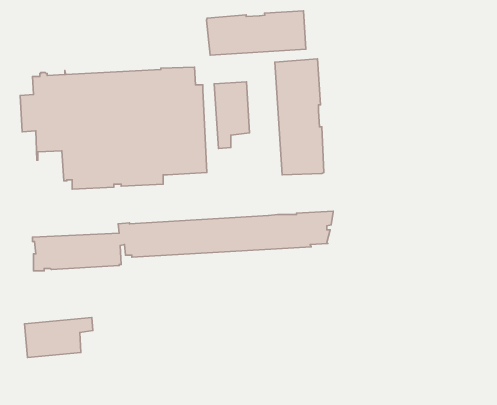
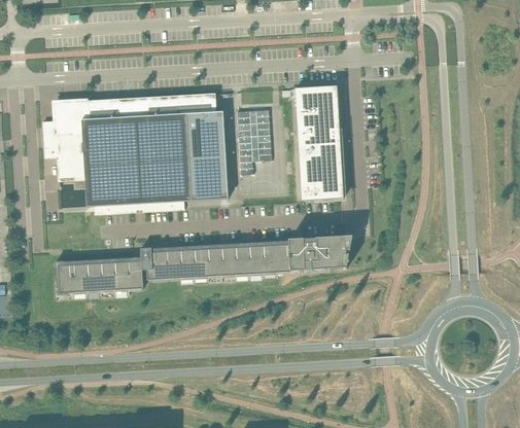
building: [207,11,306,55] -> none
building: [24,318,93,357] -> none

